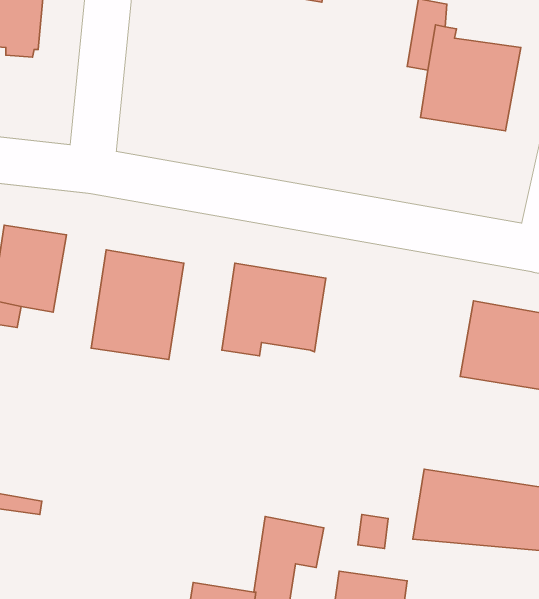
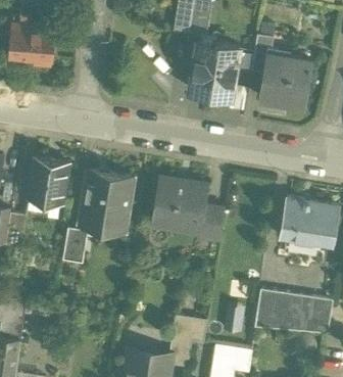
building: none -> [189,41,238,98]
building: none -> [197,205,225,241]
building: none -> [62,228,87,264]

